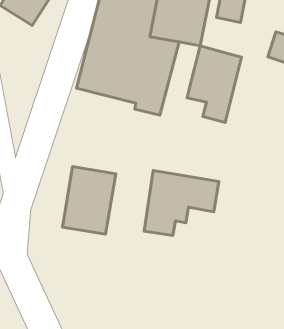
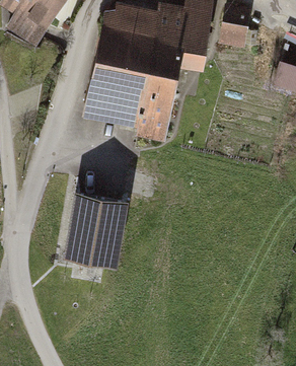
building: [187,46,242,122] -> none
building: [144,170,219,236] -> none

